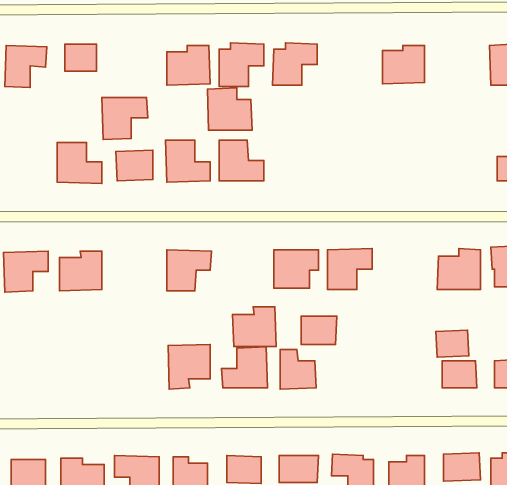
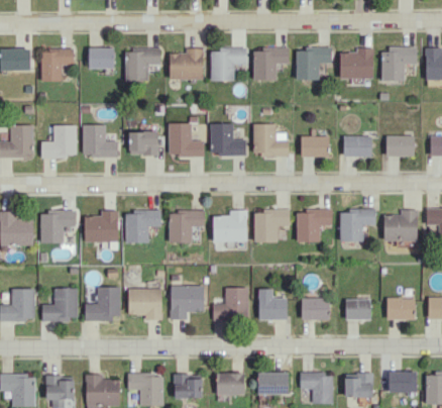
building: none -> [297,46,332,80]
building: none -> [381,47,417,81]
building: [207,88,252,130] -> [253,123,289,157]
building: [102,97,148,140] -> [125,48,161,82]
building: none -> [42,125,77,158]
building: none -> [301,135,329,158]
building: none -> [345,136,372,157]
building: none -> [388,136,415,157]
building: none -> [340,209,375,241]
building: none -> [125,210,161,242]
building: [233,307,276,346] -> [213,210,247,241]
building: [301,316,337,344] -> [302,298,330,320]
building: [436,330,469,357] -> [345,299,371,320]
building: none -> [85,287,120,320]
building: none -> [42,288,78,321]
building: none -> [128,288,162,320]

